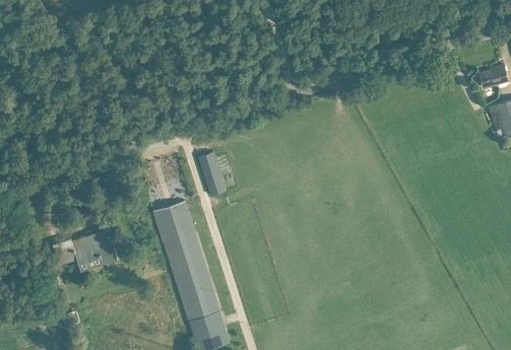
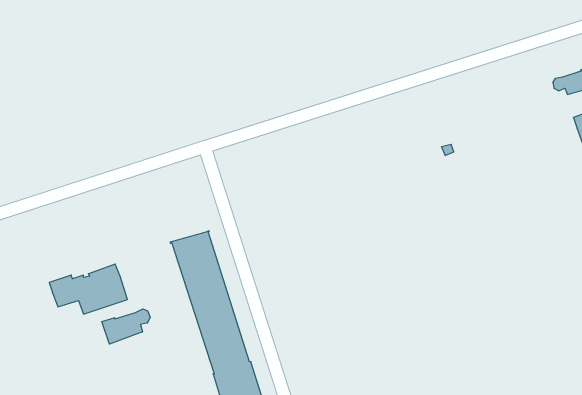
building: [198,151,226,195] -> none
building: none -> [102,309,150,344]

